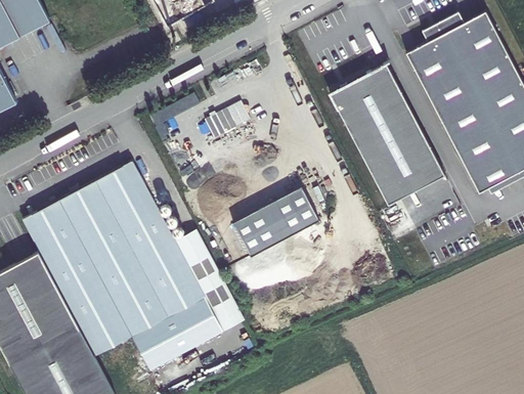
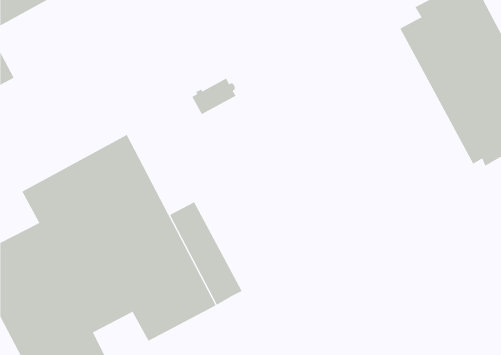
building: [329,61,445,205] -> none
building: [223,189,310,260] -> none

